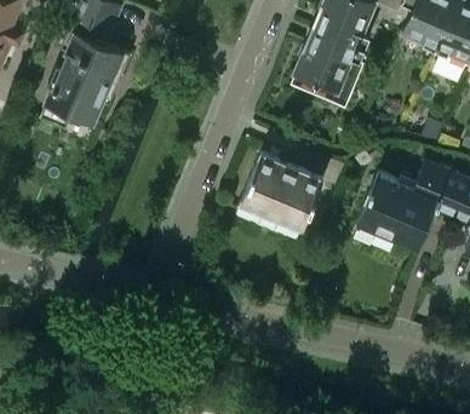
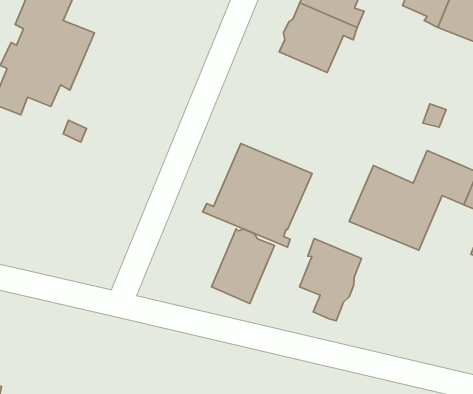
building: none -> [212,229,274,304]
building: none -> [300,239,362,321]

